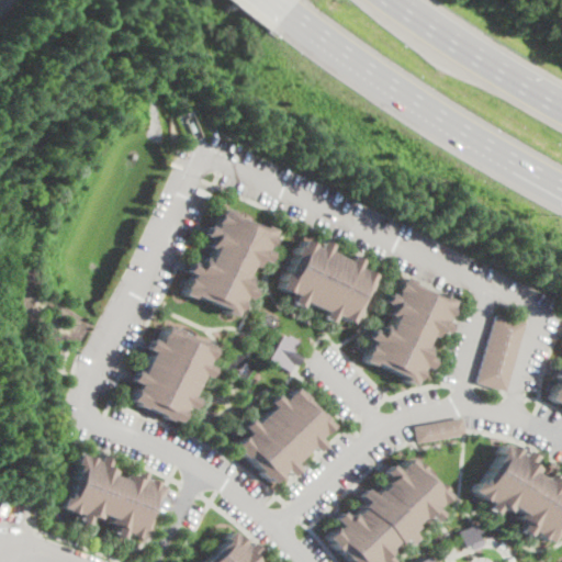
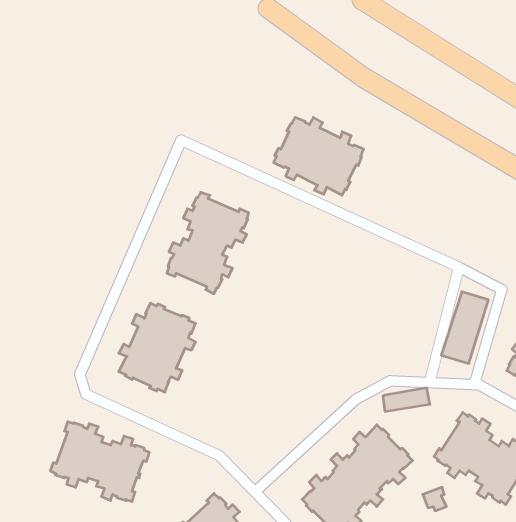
building: [280,239,376,323] -> [274,117,364,195]
building: [366,277,457,385] -> none
building: [271,334,306,371] -> none
building: [239,387,335,482] -> none

